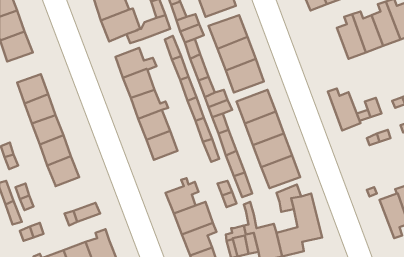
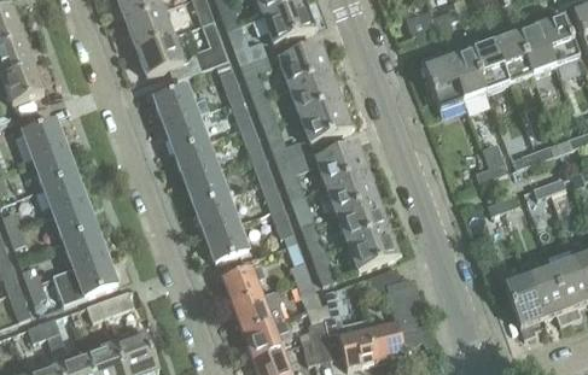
building: [328,89,360,131] -> [420,53,464,109]
building: none -> [205,221,248,260]
building: none -> [53,256,116,303]

